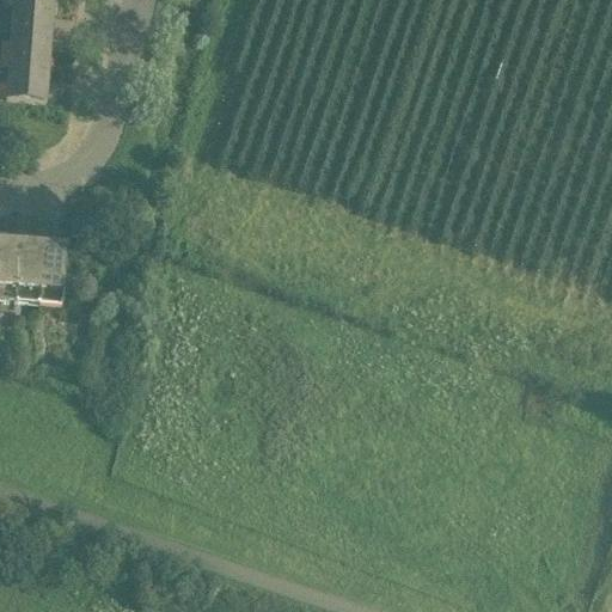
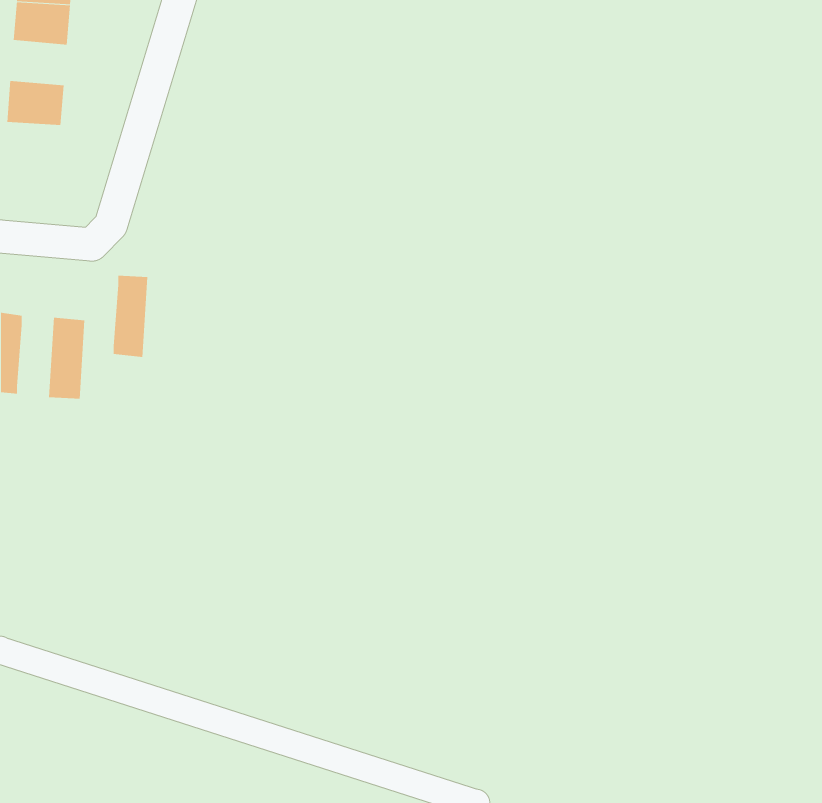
building: [7,30,50,63] -> none
building: [13,234,39,295] -> [113,275,148,357]

